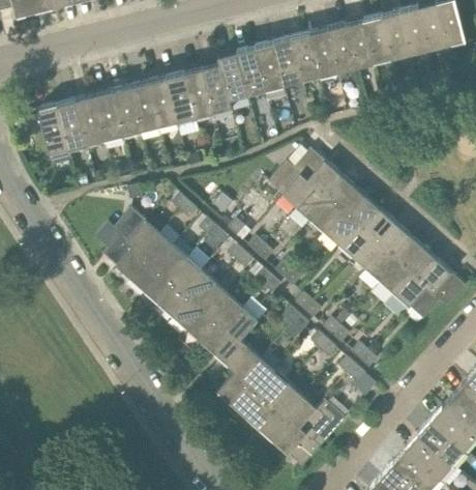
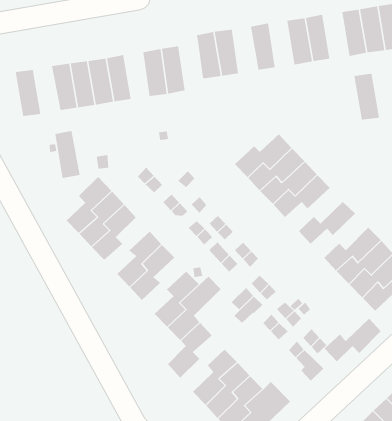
building: [345,20,375,68] -> [354,73,380,120]
building: [291,33,320,82] -> none
building: [255,42,284,91] -> none
building: [202,64,232,113] -> none
building: [147,78,176,126] -> none
building: [57,99,87,149] -> [54,130,81,179]
building: [324,199,381,246] -> none
building: [352,223,409,270] -> [324,318,381,362]
building: [145,246,188,305] -> none
building: [186,283,229,342] -> none
building: [232,358,274,417] -> none

